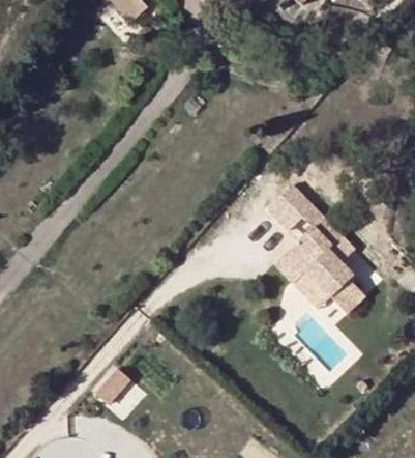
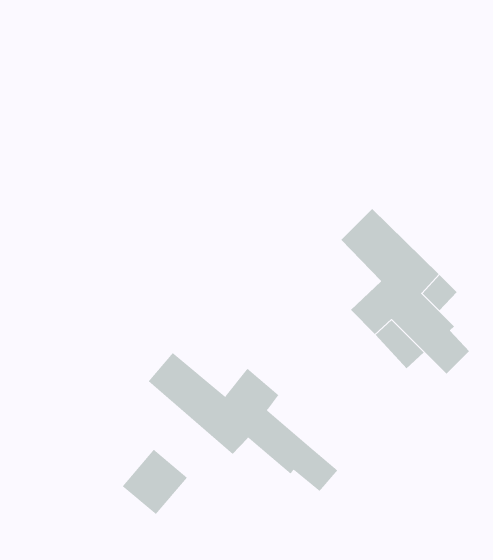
building: none -> [148,352,338,492]

